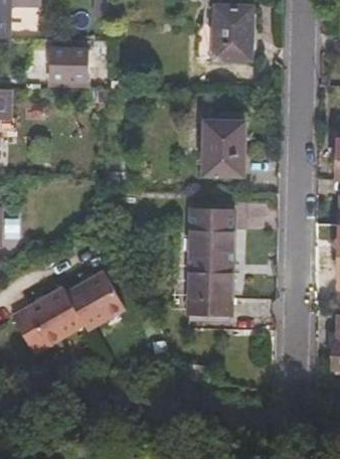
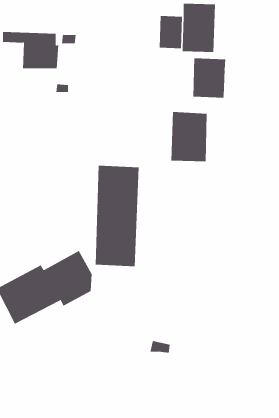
building: none -> [193,57,226,98]
building: [185,208,232,316] -> [95,165,139,267]

